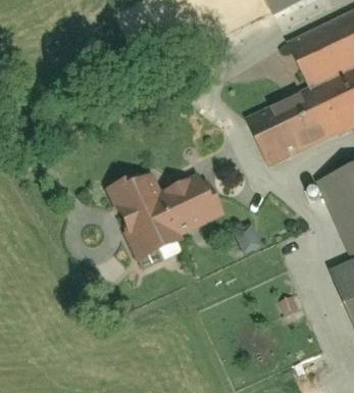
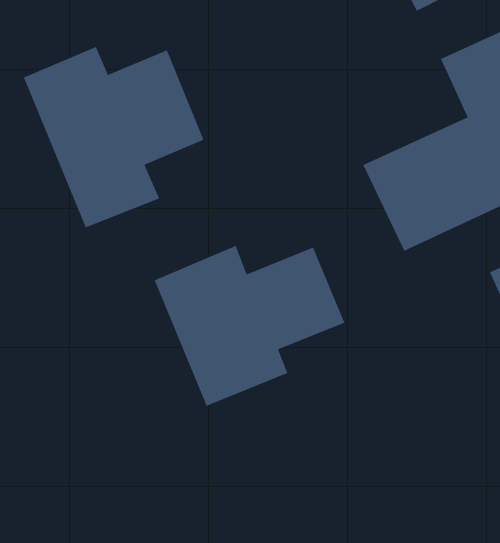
building: none -> [23,46,204,228]

